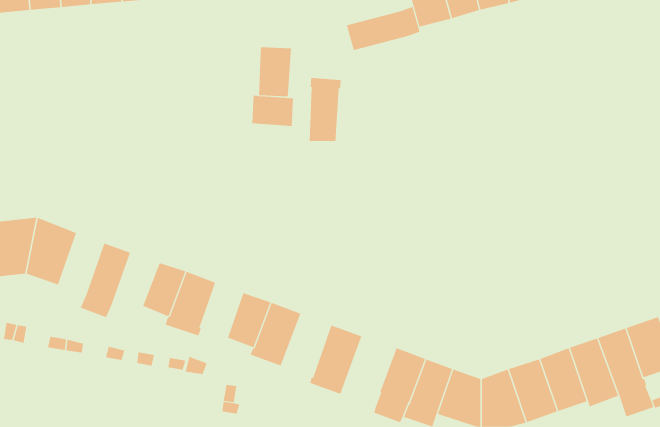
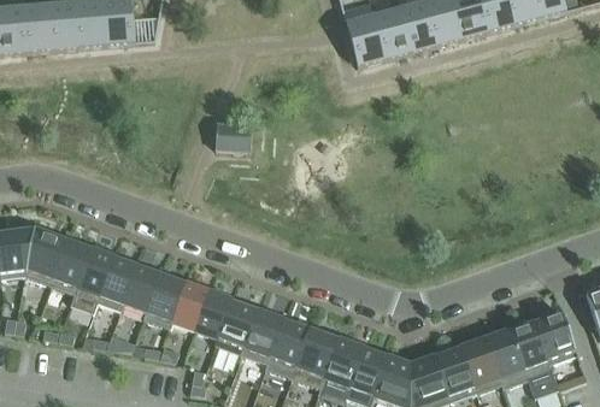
building: [346,6,420,51] -> none
building: [258,45,291,97] -> none
building: [309,77,341,142] -> none
building: none -> [52,240,90,293]
building: none -> [98,256,137,309]
building: none -> [172,282,208,329]
building: none -> [241,308,283,362]
building: none -> [292,328,339,388]

